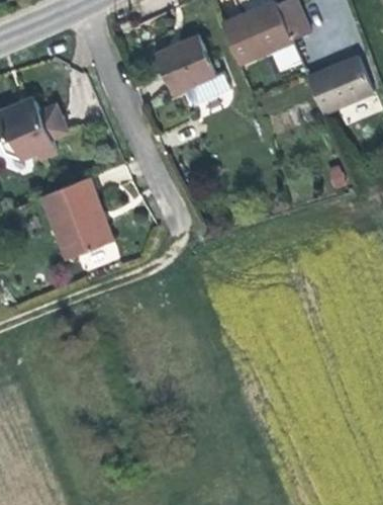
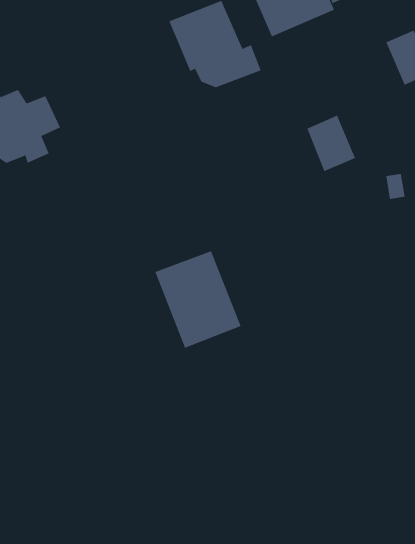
building: [307,65,348,111] -> [306,115,356,172]
building: [43,182,114,262] -> [155,251,241,348]

